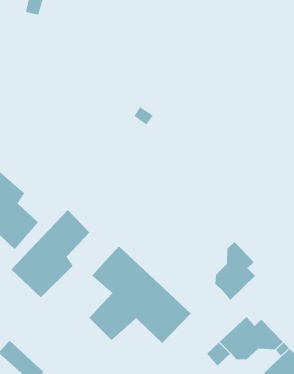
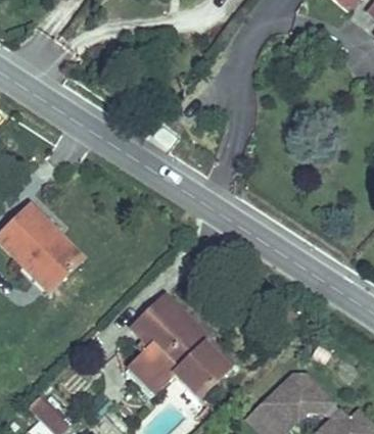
building: [10,209,90,298] -> none
building: [214,241,256,301] -> none

